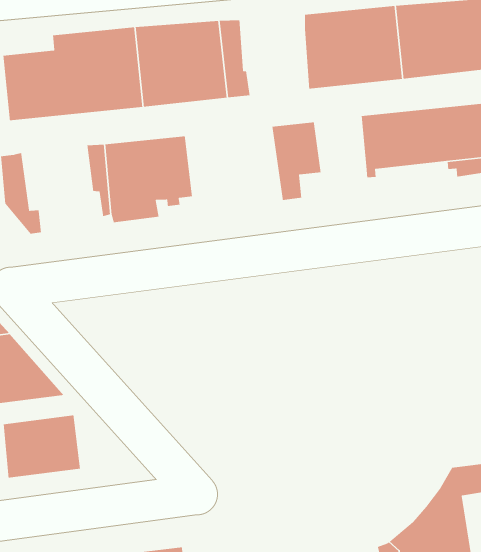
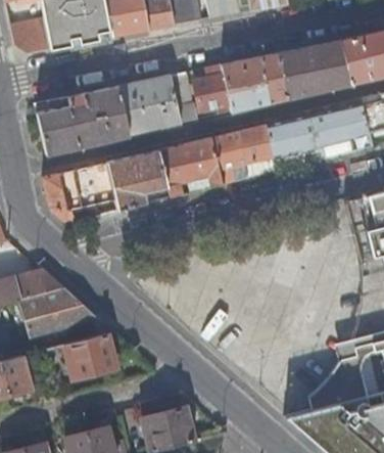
building: none -> [194,75,231,114]
building: none -> [237,125,273,166]
building: none -> [157,138,223,197]
building: none -> [56,167,93,209]

